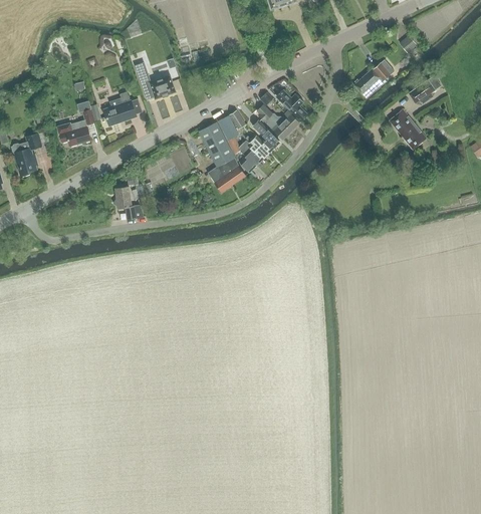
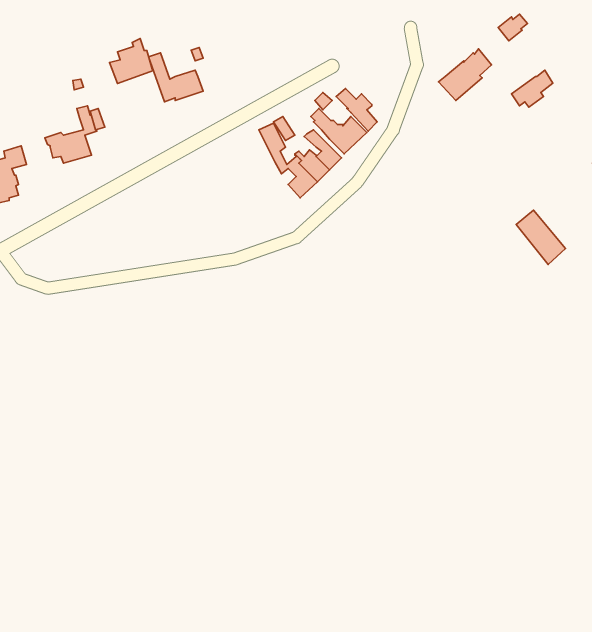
building: [103,91,137,125] -> [110,38,153,84]
building: [389,108,426,150] -> [516,210,565,265]
building: [199,121,245,192] -> none
building: [113,187,144,219] -> none

